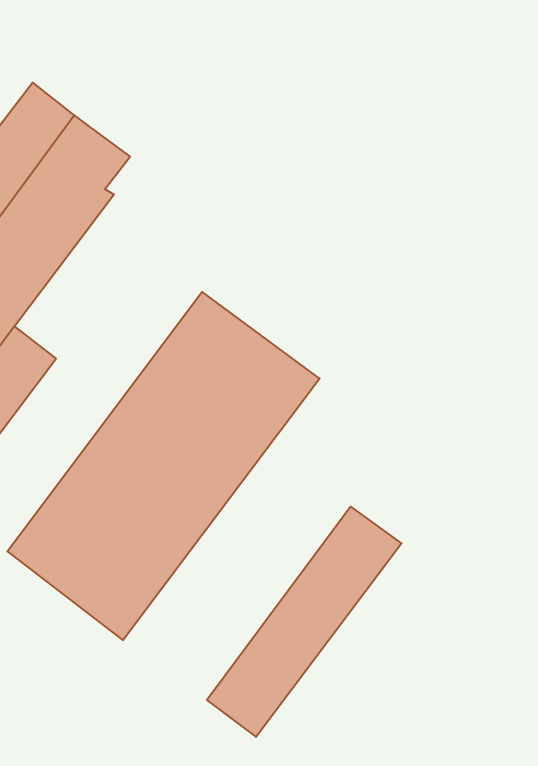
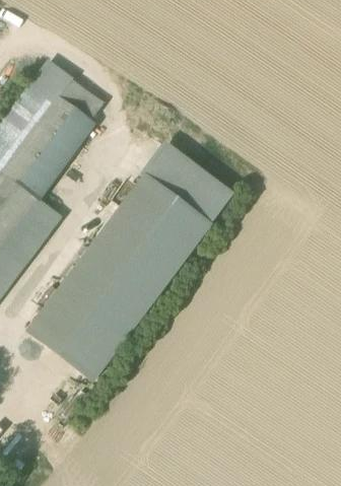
building: none -> [142,145,232,227]
building: [207,507,402,737] -> none

